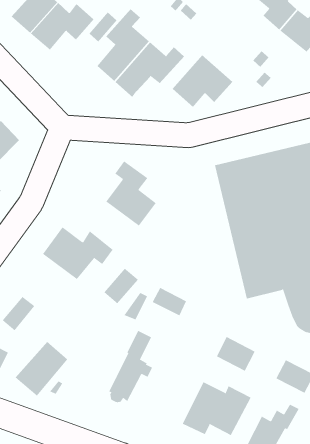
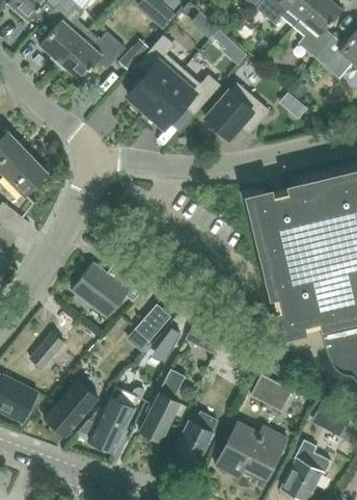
building: [106,161,156,227] -> none
building: none -> [89,386,145,452]
building: none -> [174,410,218,462]

